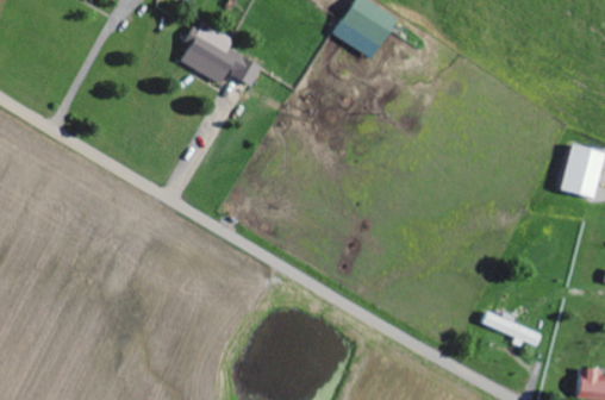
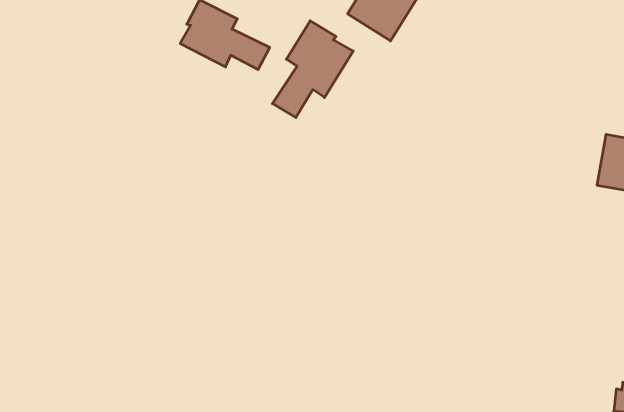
building: none -> [272,21,353,118]
building: [482,311,542,346] -> none

